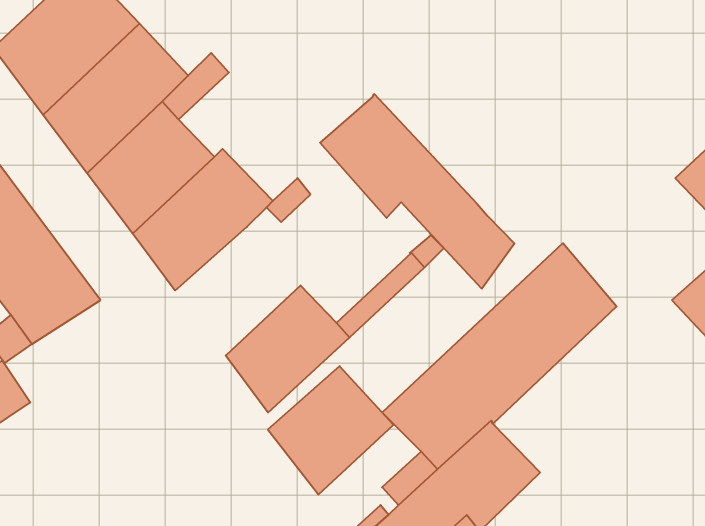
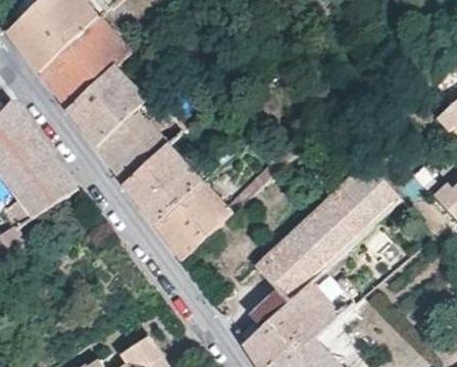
building: [320,94,514,289] -> none
building: [268,366,393,495] -> [123,145,202,225]

